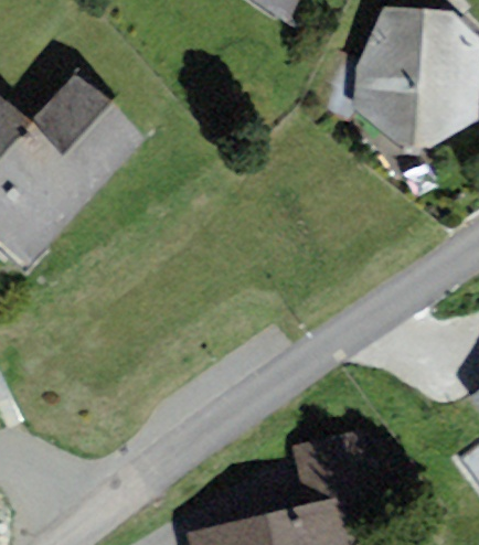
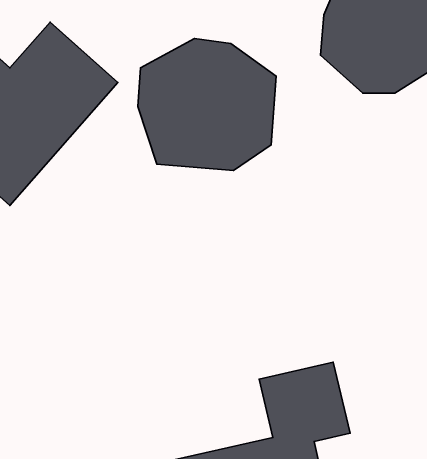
building: none -> [138,38,276,170]

